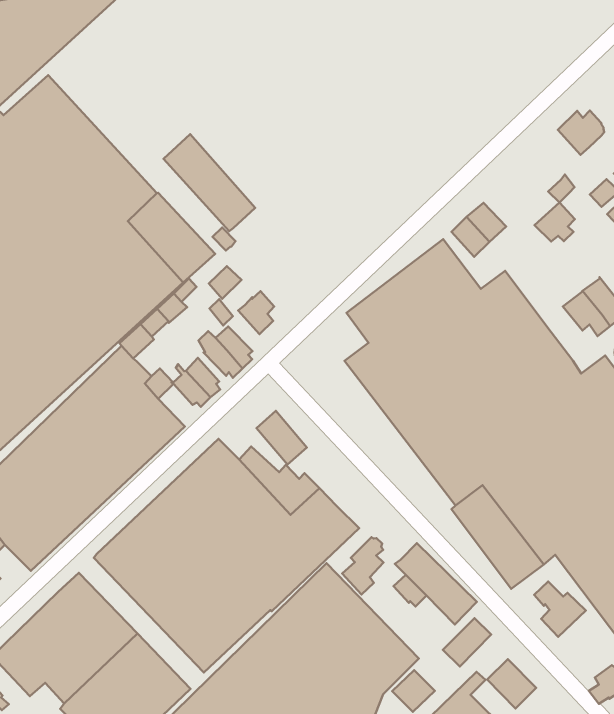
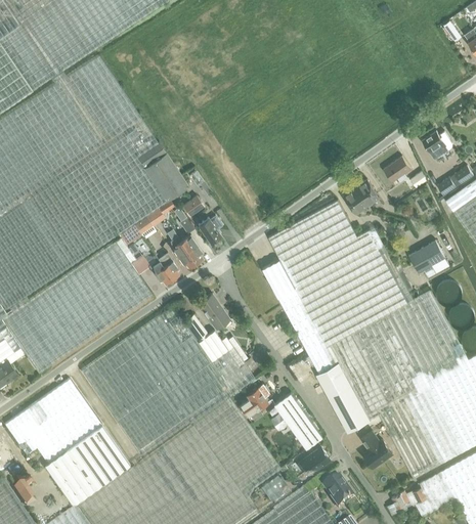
building: [163,134,255,231] -> none
building: [534,202,575,242] -> [384,157,410,182]

